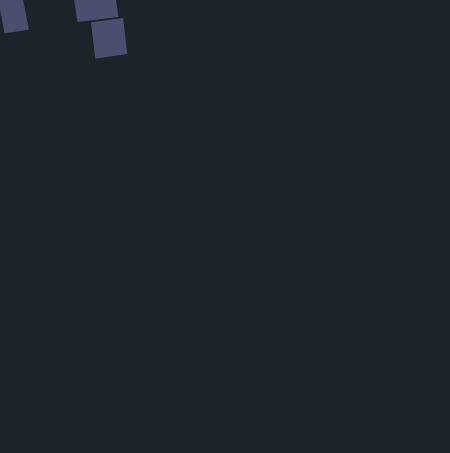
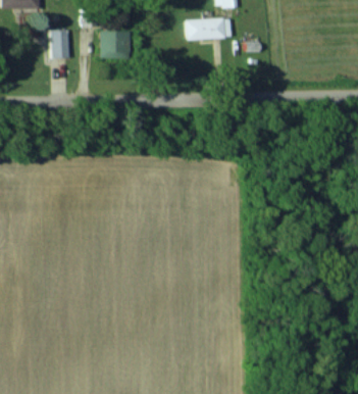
building: [90,17,128,59] -> none

